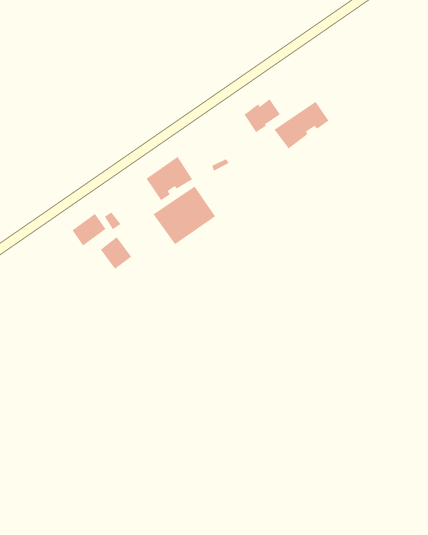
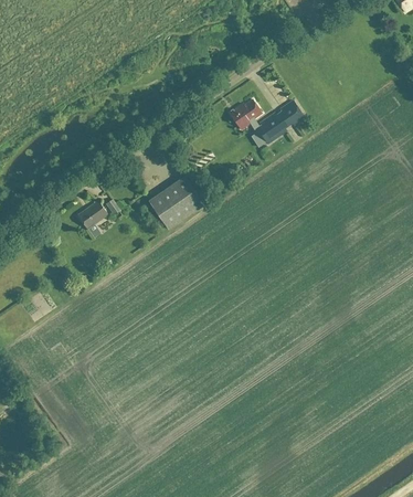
building: [146,156,193,201] -> none
building: [100,236,132,270] -> none

